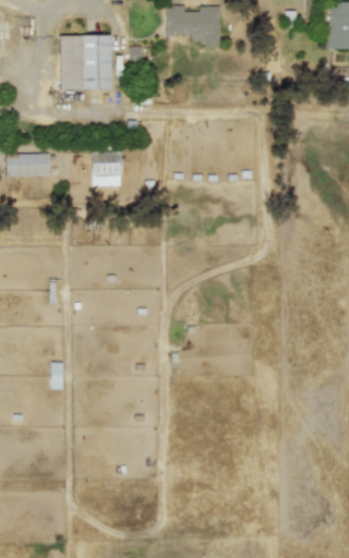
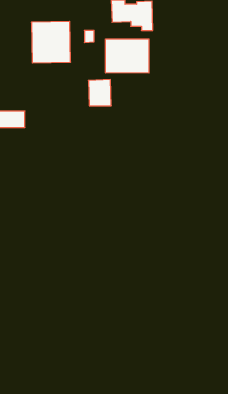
building: none -> [106,39,149,73]
building: [93,151,123,186] -> [88,80,111,106]

